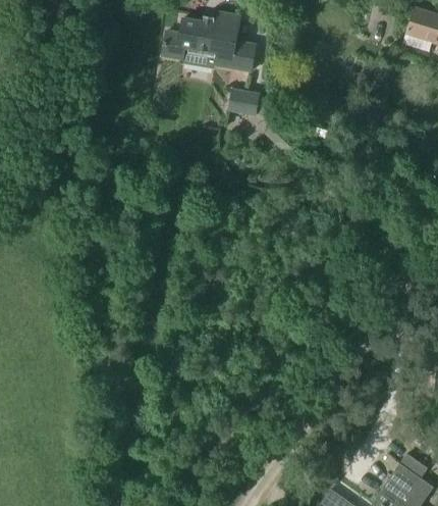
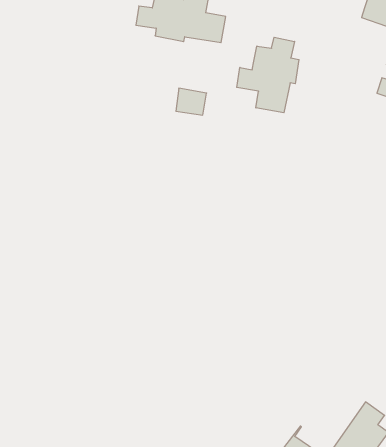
building: none -> [237,37,299,113]
building: [227,88,260,116] -> [176,88,207,115]

